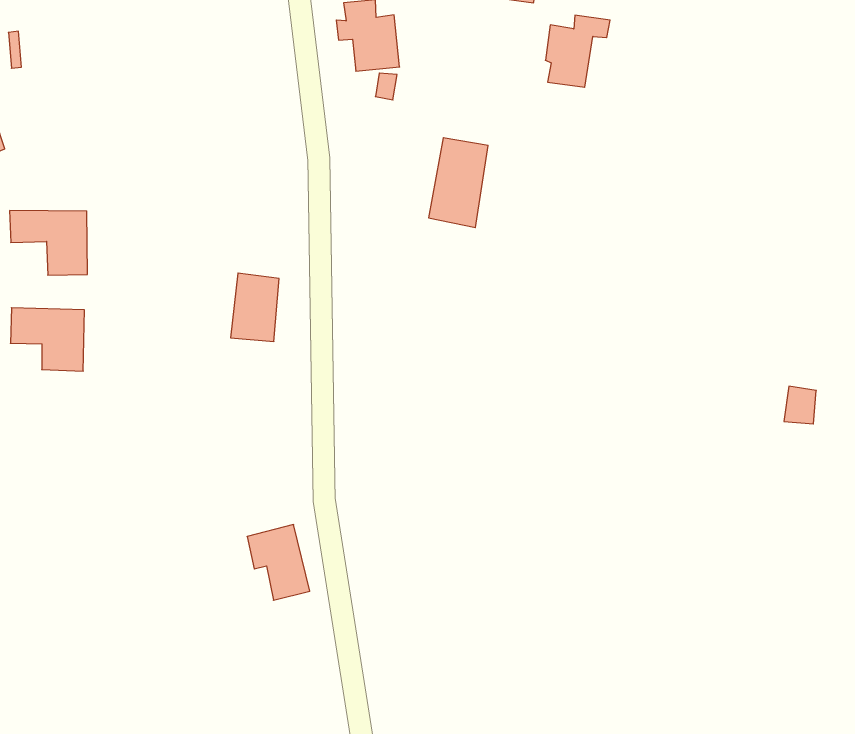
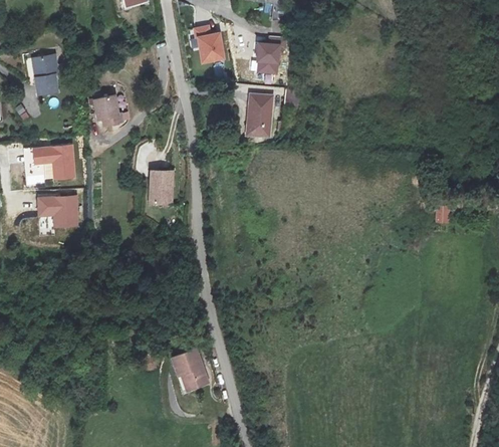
building: [545,15,610,87] -> [256,36,287,72]
building: none -> [35,53,59,94]
building: none -> [95,95,123,126]
building: [247,525,310,600] -> [174,351,208,390]

